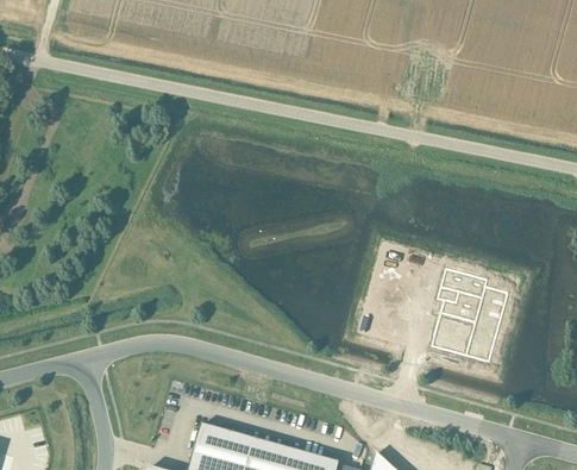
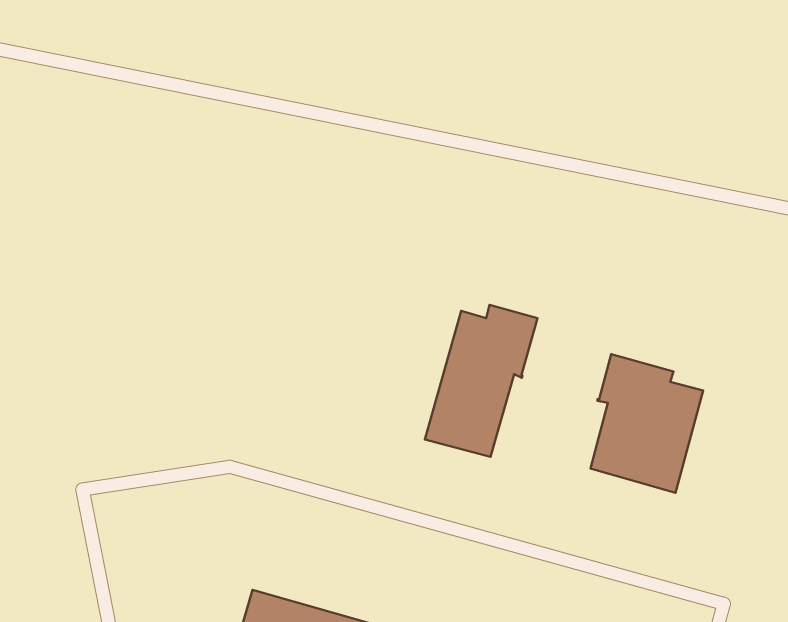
building: none -> [425,305,538,457]

